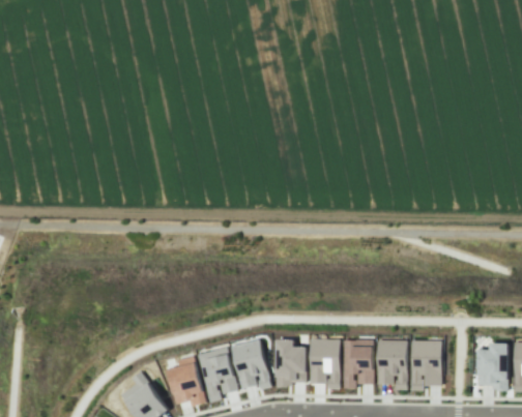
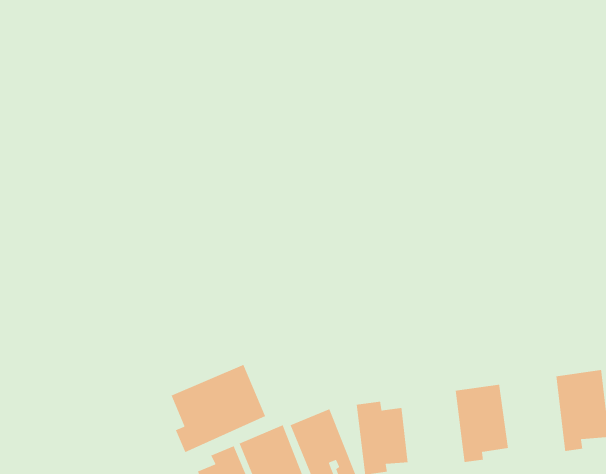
building: none -> [170,364,266,453]
building: [310,339,341,389] -> none
building: [377,339,408,390] -> none

